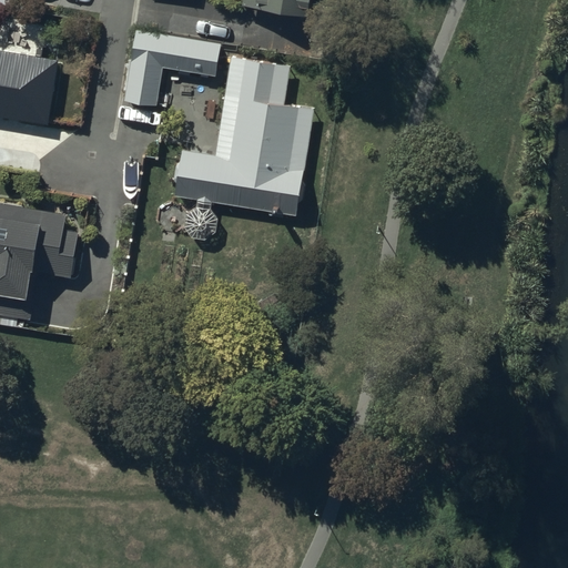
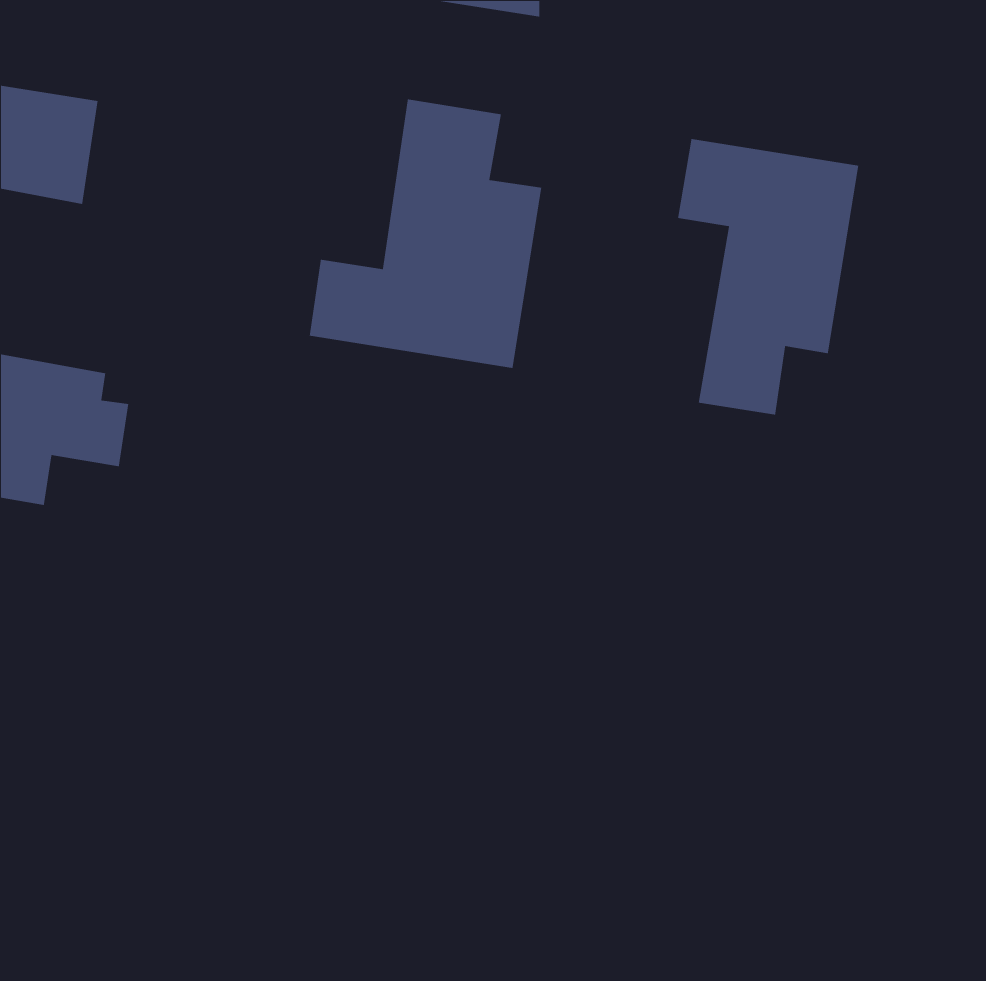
building: [126,30,222,103] -> none
building: none -> [677,138,859,415]

